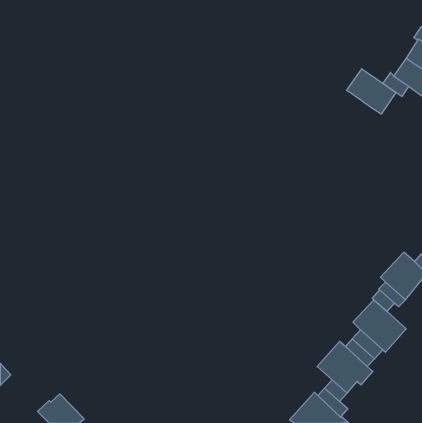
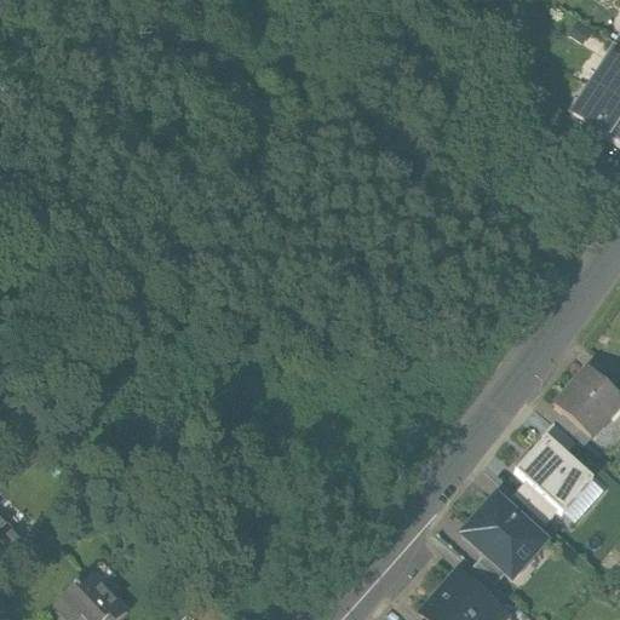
building: [347,69,396,114] -> none

